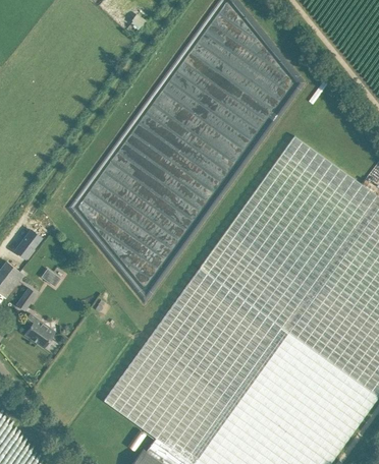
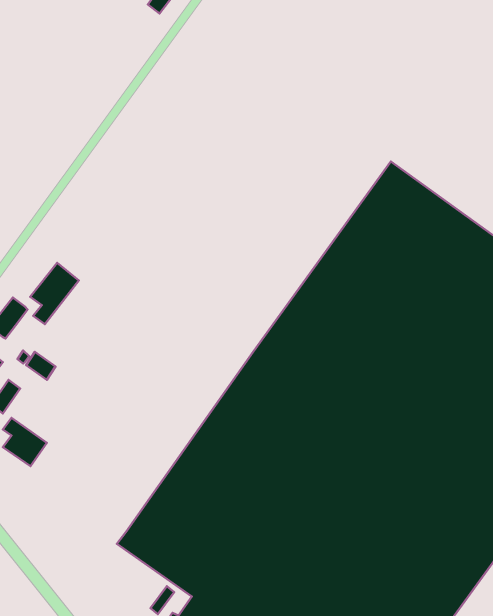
building: none -> [30,263,79,324]

